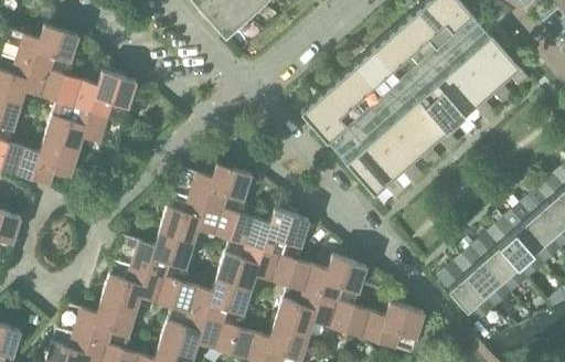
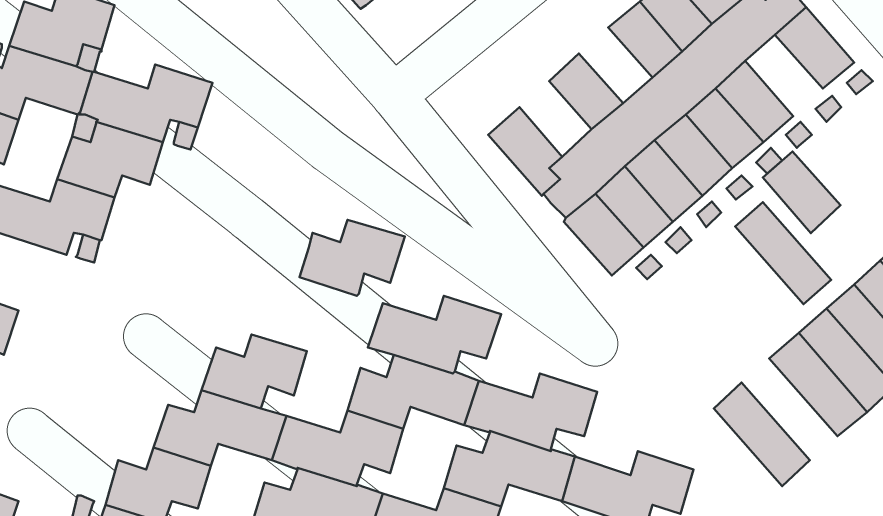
building: [355,50,399,95] -> none
building: [455,54,501,103] -> [763,152,840,233]
building: [320,82,363,127] -> none
building: [160,199,238,243] -> none
building: [452,247,510,308] -> [735,202,831,304]

